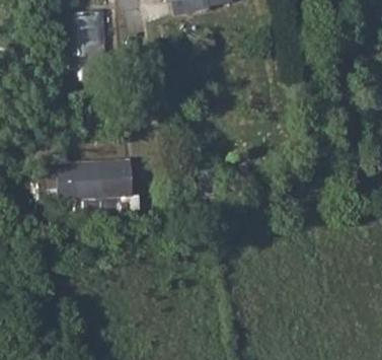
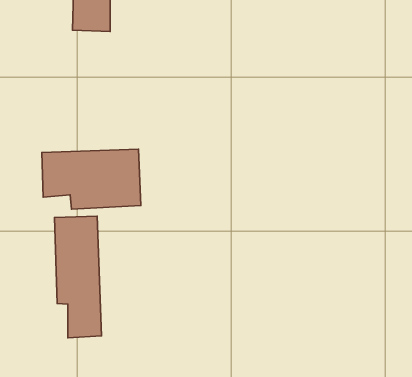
building: none -> [55,216,101,338]

